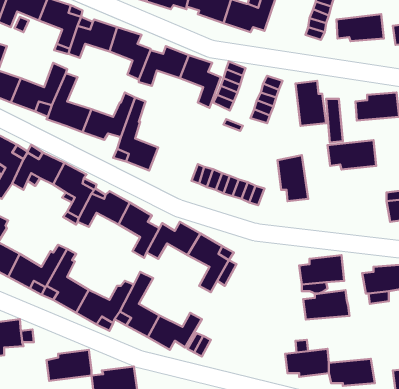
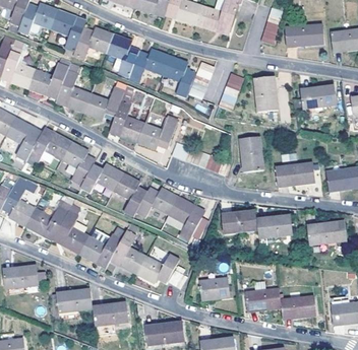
building: none -> [137,122,177,153]
building: [327,140,376,170] -> [276,162,314,186]
building: [303,290,349,320] -> [221,209,257,232]
building: none -> [199,277,229,298]

